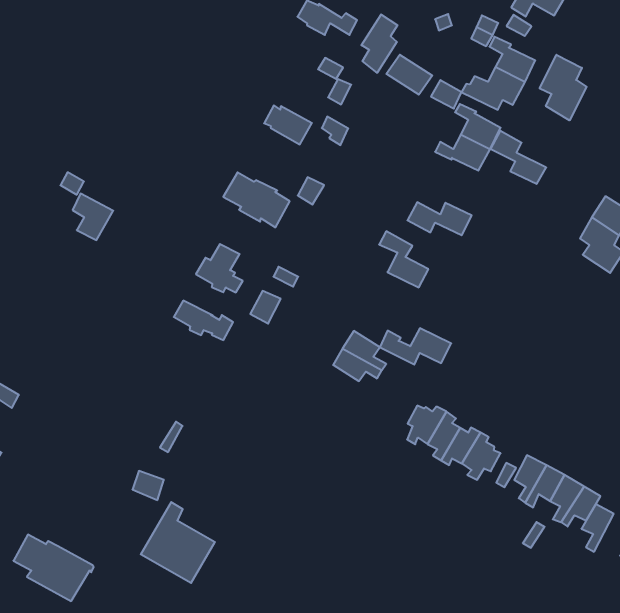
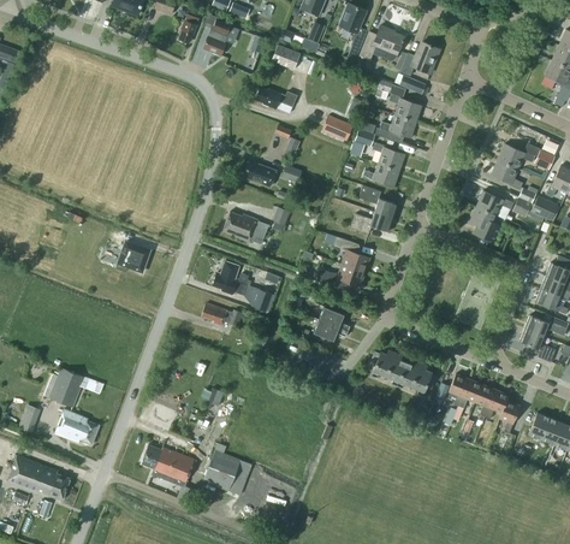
building: [361,14,397,73] -> none
building: [540,55,587,120] -> none
building: [491,131,546,184] -> [358,184,398,217]
building: [380,328,451,365] -> [316,264,364,289]
building: [13,535,94,601] -> [141,444,196,485]

